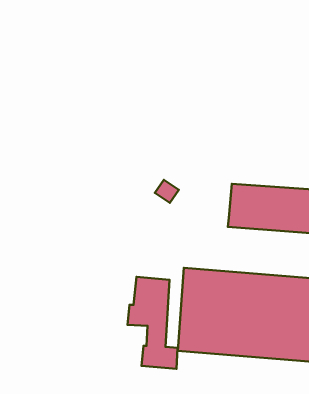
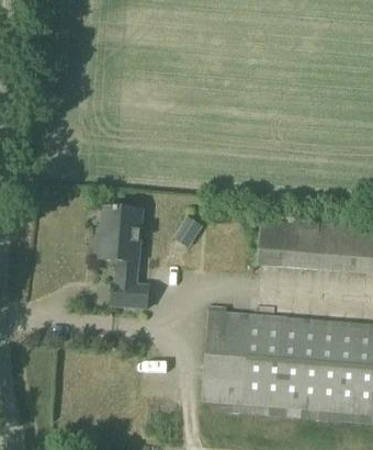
building: [128,277,177,369] -> [94,206,149,307]

